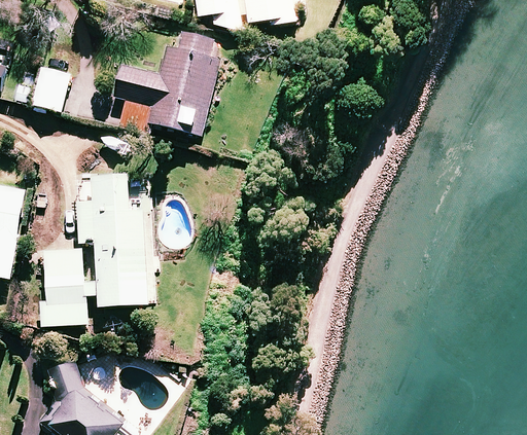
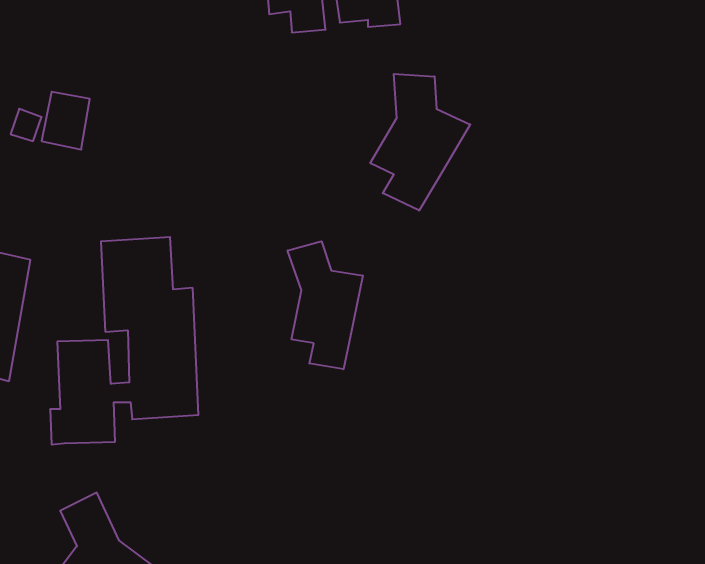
building: [118,31,220,134] -> none
building: none -> [370,74,470,211]
building: none -> [288,241,363,369]

